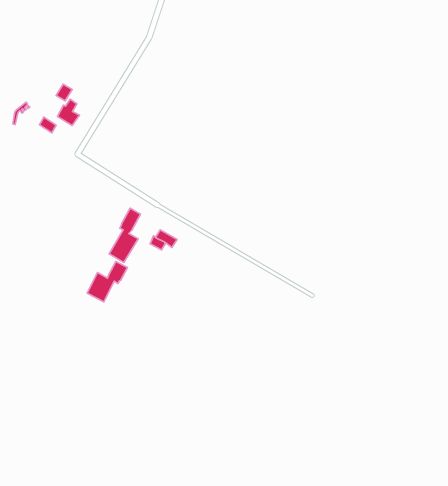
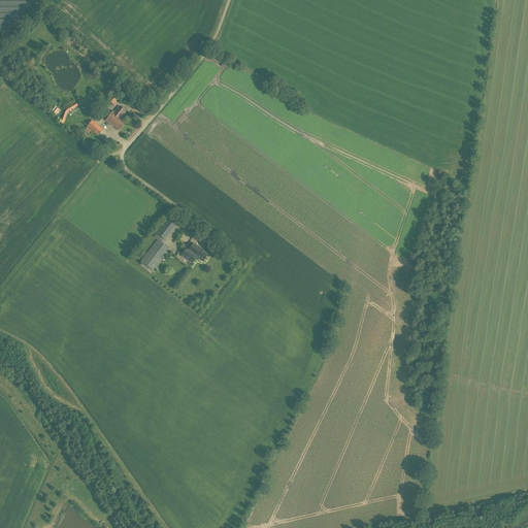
building: [87,261,128,302] -> none

